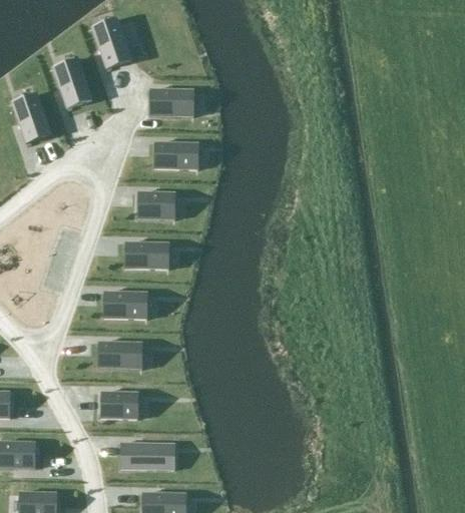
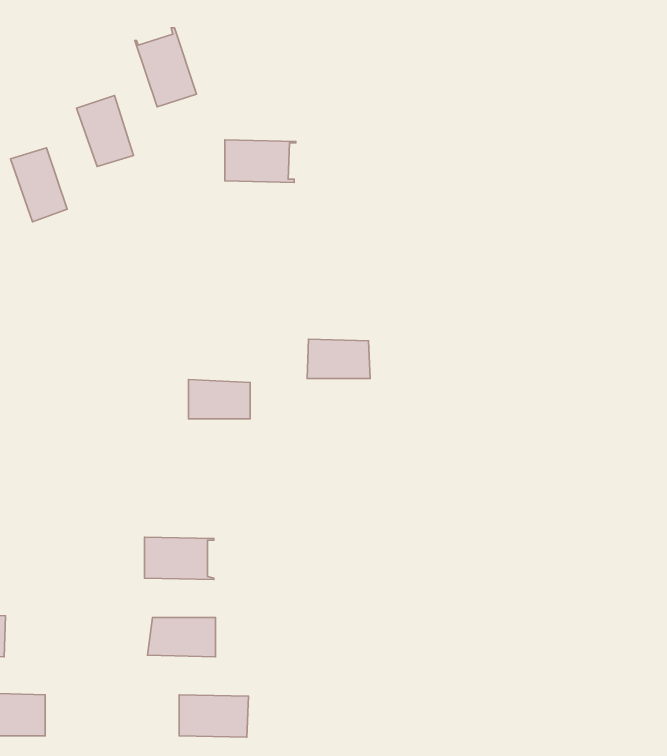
building: [155,142,195,168] -> none
building: [138,192,178,217] -> [307,339,370,379]
building: [103,292,147,319] -> none

